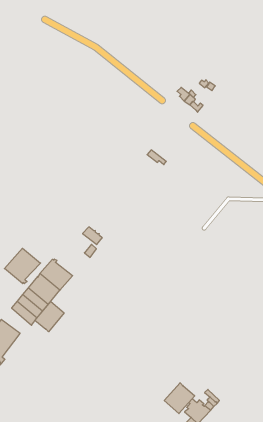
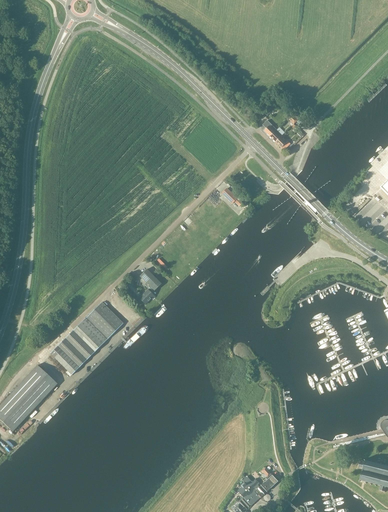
building: [4,248,41,284] -> none
building: [35,302,64,332] -> none
building: [164,383,195,414] -> none

